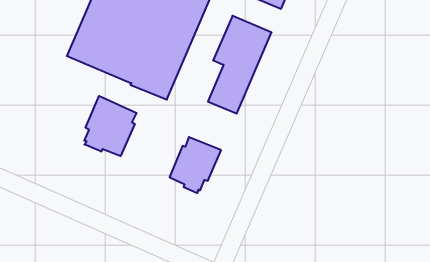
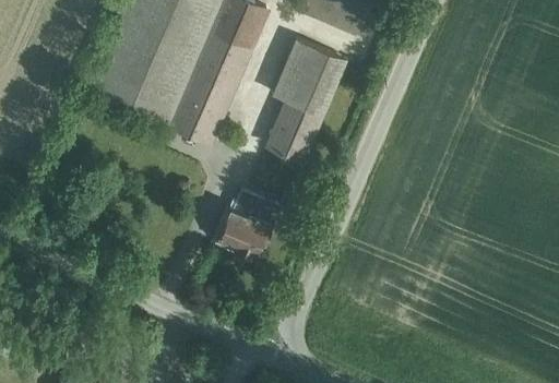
building: [84,96,137,156] -> none

